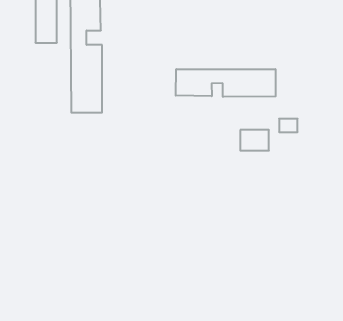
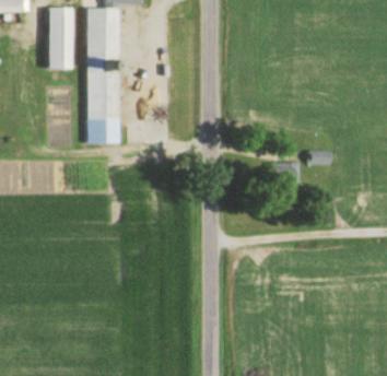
building: [176,69,276,97] -> none

